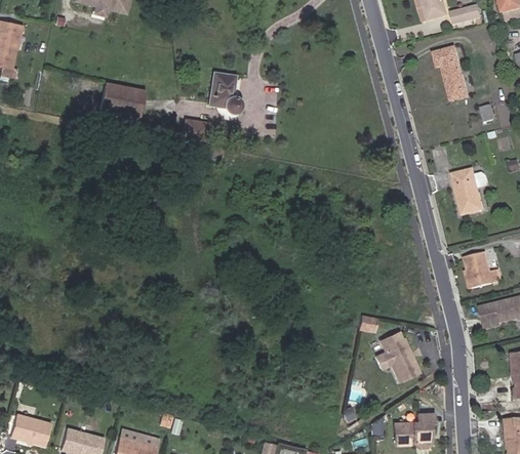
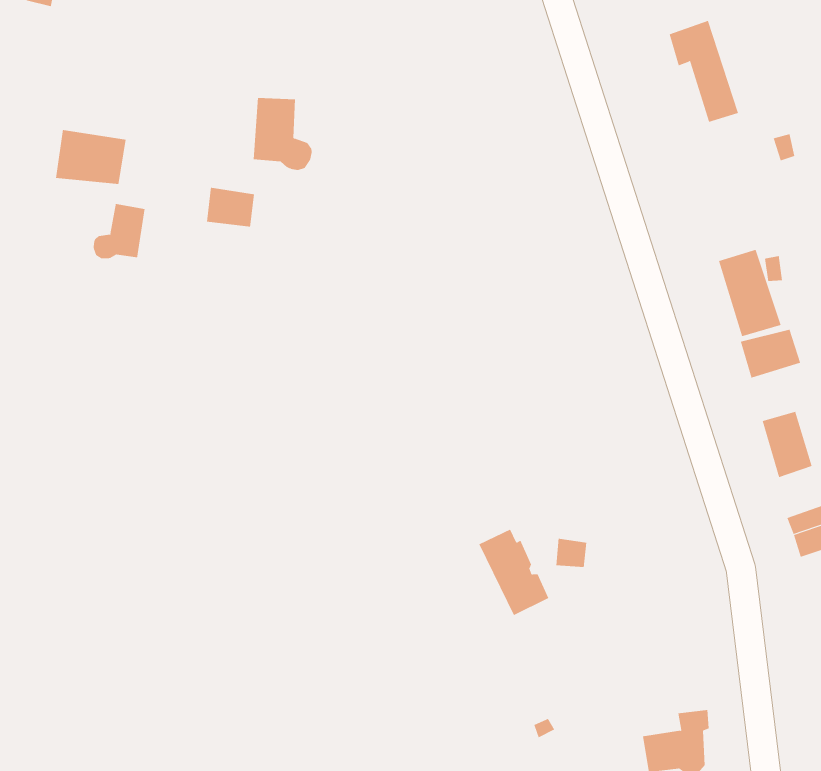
building: none -> [93,203,145,259]
building: none -> [740,329,801,378]
building: [382,334,417,380] -> [478,529,549,616]

